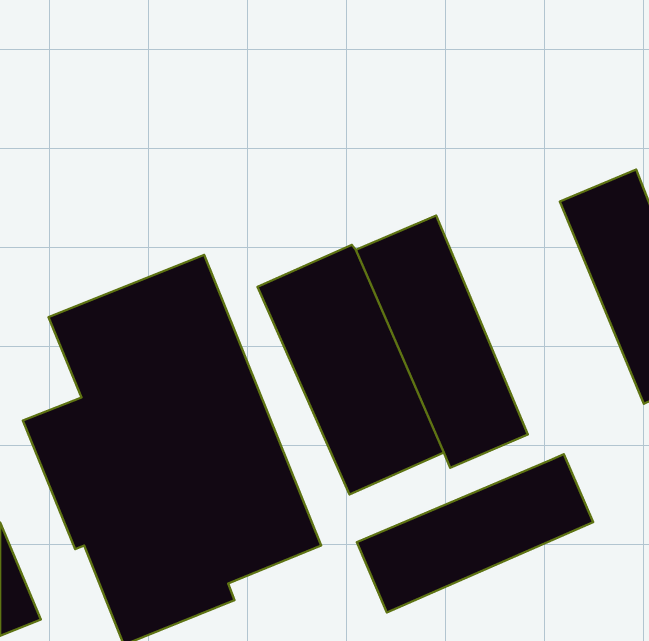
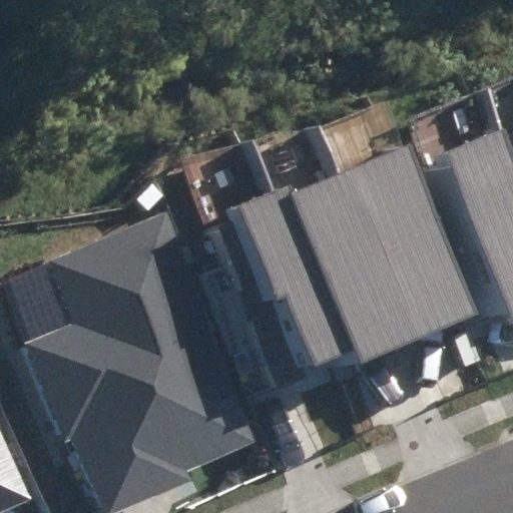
building: none -> [345,150,482,350]
building: [357,454,593,612] -> none

